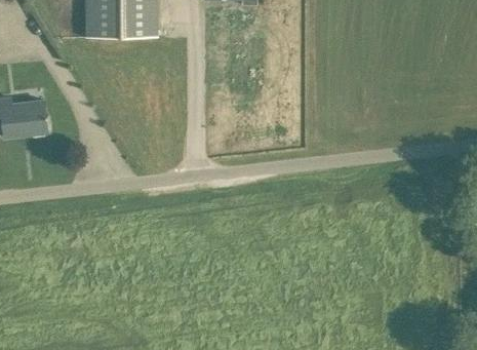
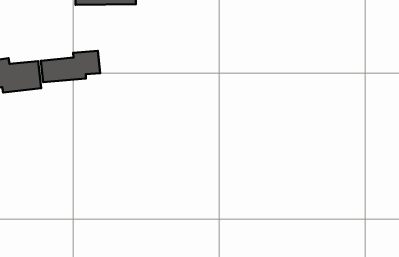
building: none -> [41,51,100,82]

